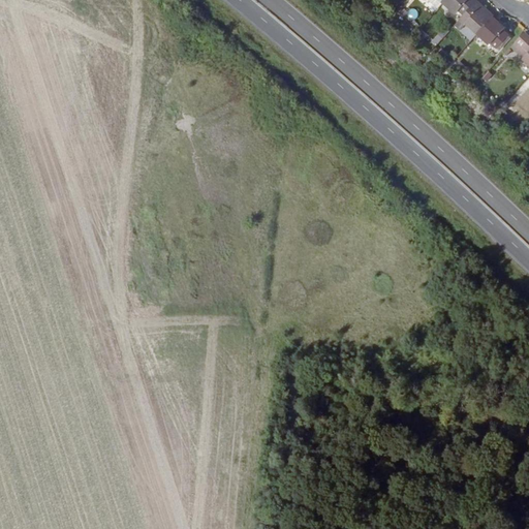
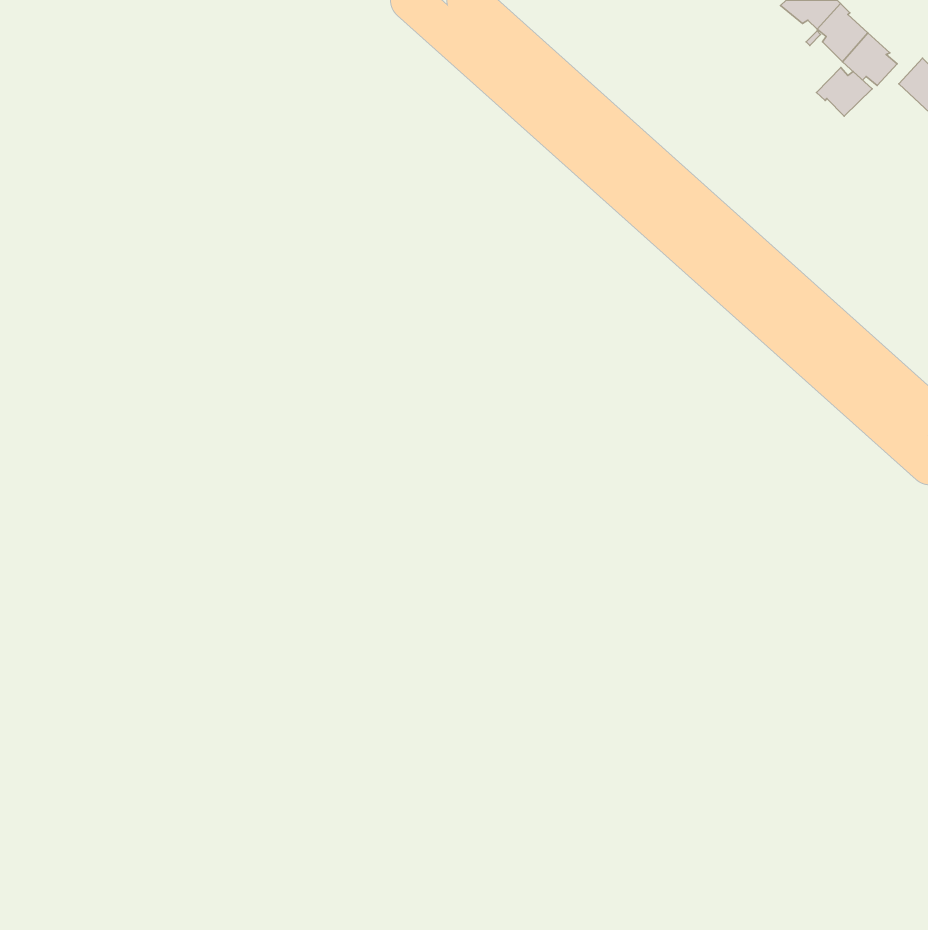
building: none -> [816,67,872,116]

